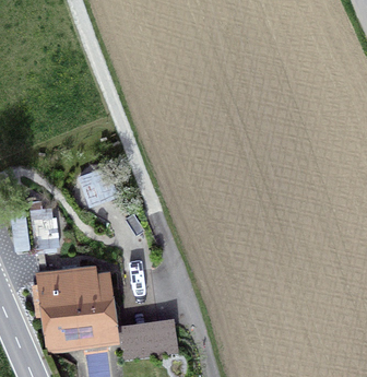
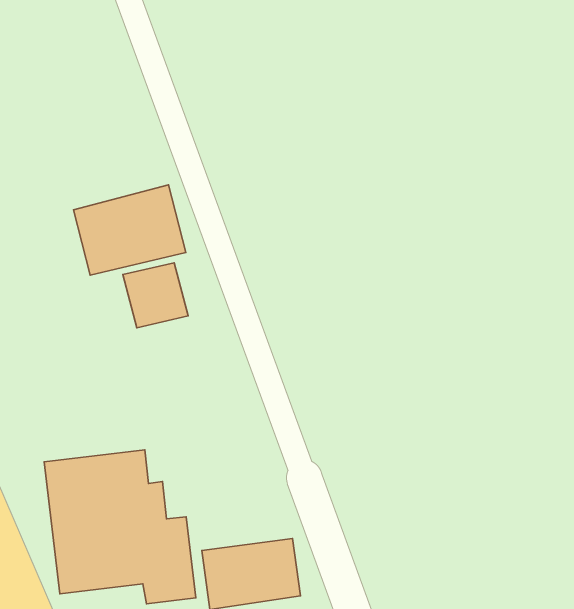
building: none -> [73,185,186,275]

